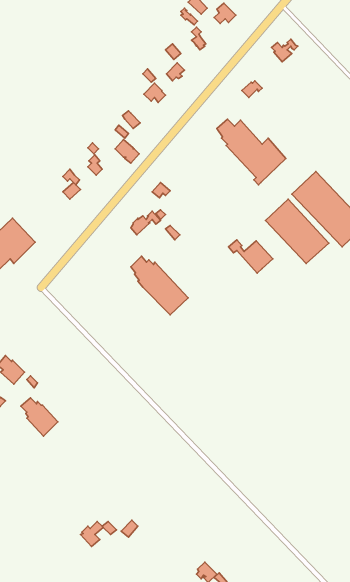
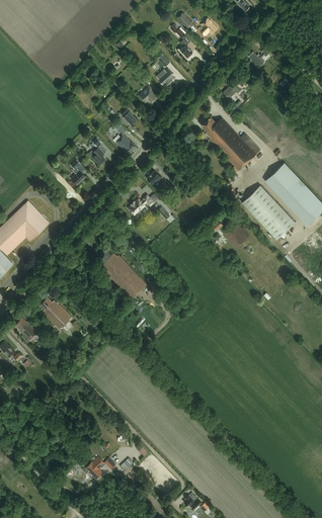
building: [131,256,188,315] -> [98,250,147,299]
building: [21,398,58,436] -> [39,297,71,330]

